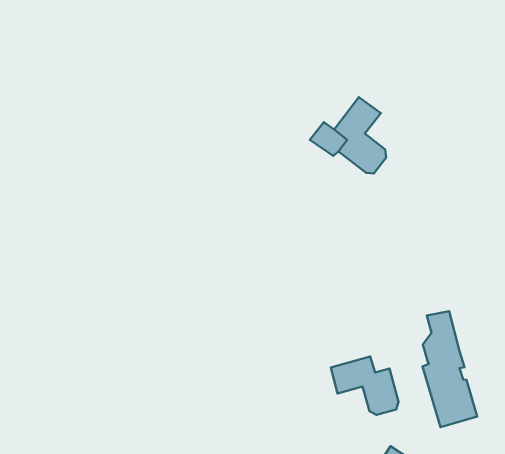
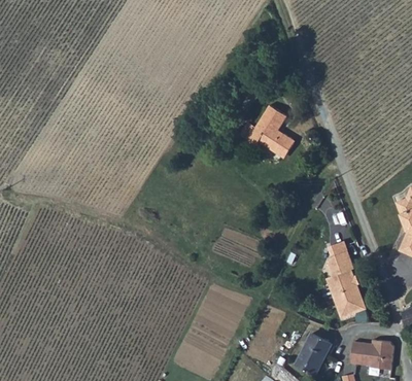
building: [331,356,399,415] -> none

